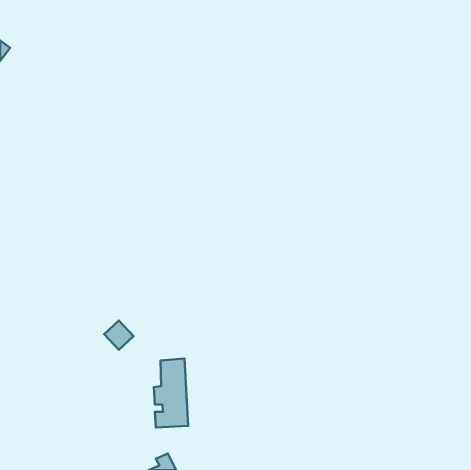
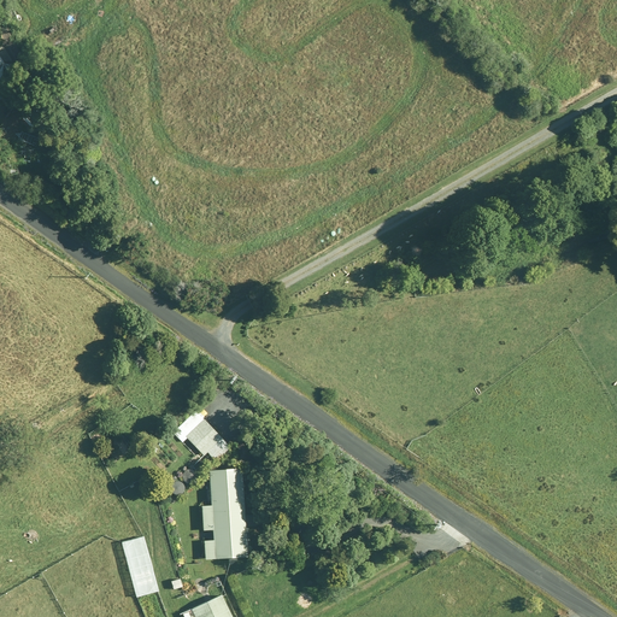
building: [104,321,134,350] -> [184,418,223,457]
building: none -> [122,537,155,597]

